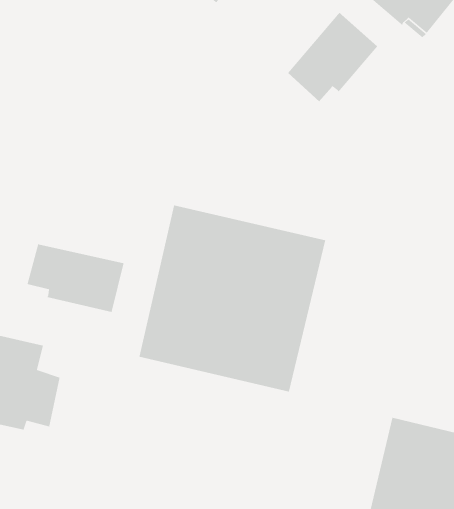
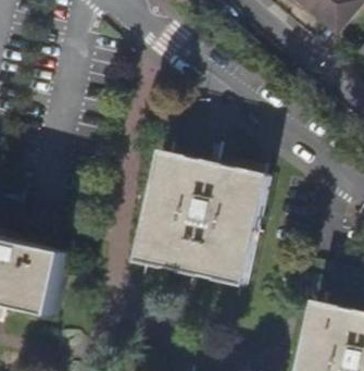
building: [287,12,378,102] -> none
building: [27,243,124,313] -> none

